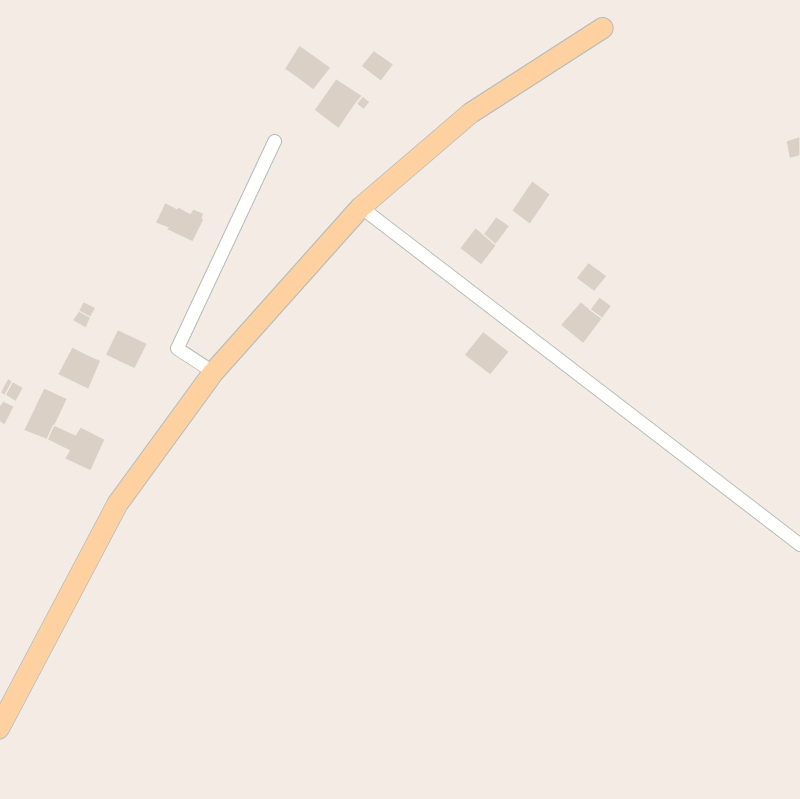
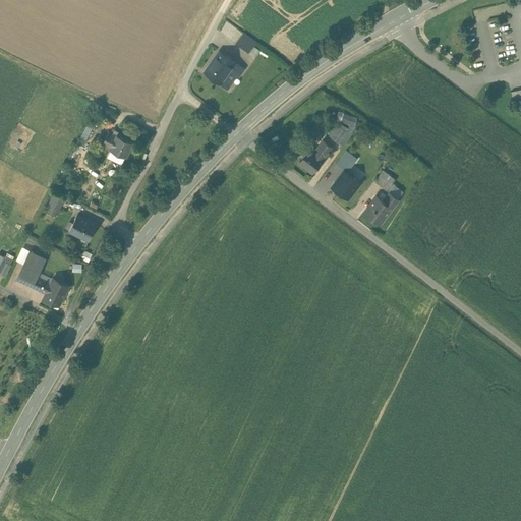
building: [284,45,331,90] -> none
building: [464,331,509,375] -> [332,168,361,196]
building: [58,347,101,389] -> none

